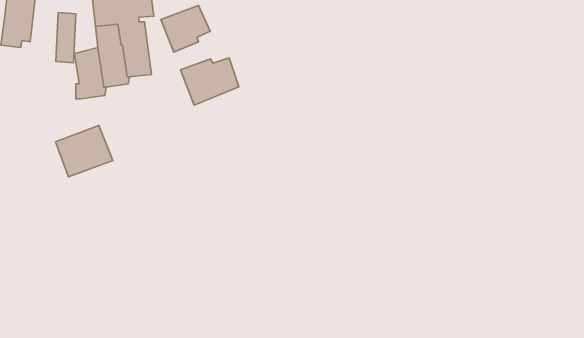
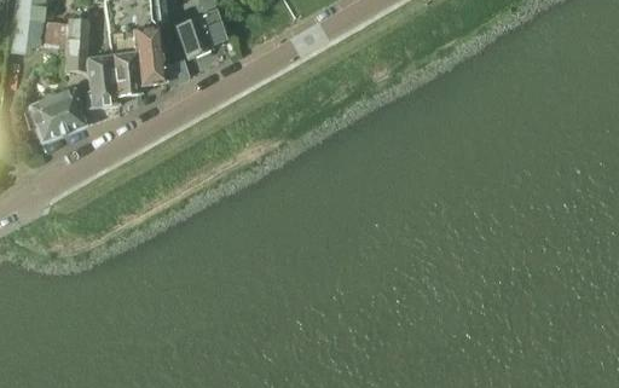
building: [180,58,239,105] -> none
building: [56,125,113,177] -> [28,88,87,141]

